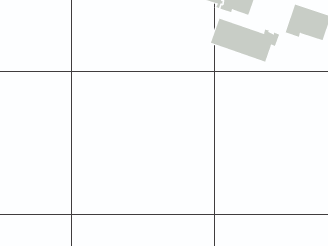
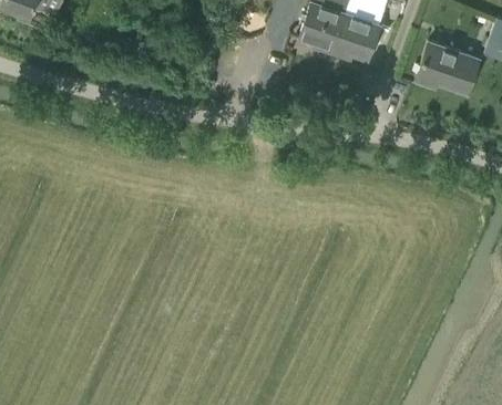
building: [210,18,280,63] -> none

